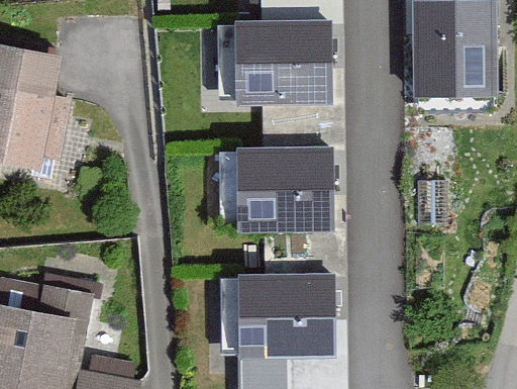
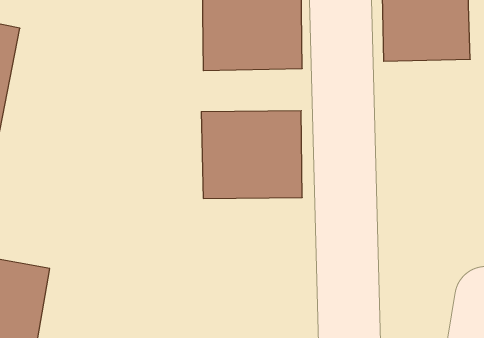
building: [237,273,335,359] -> none

